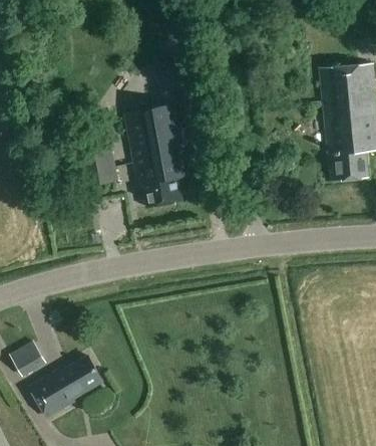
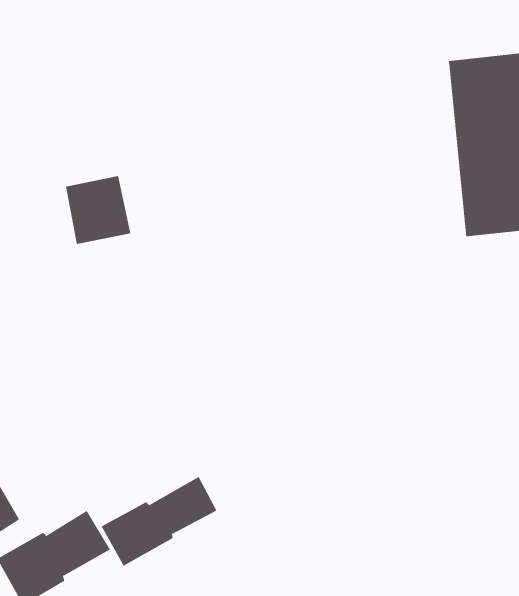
building: [122,101,195,207] -> none
building: none -> [101,476,217,567]

